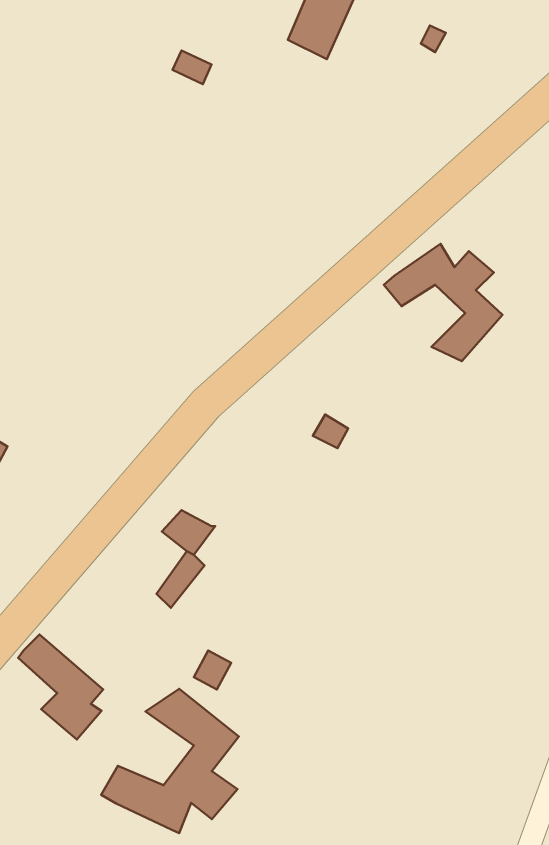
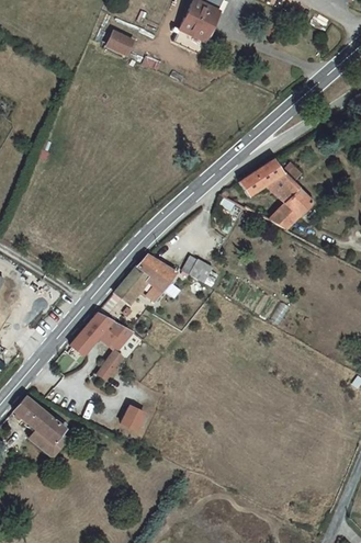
building: none -> [116,254,177,304]
building: none -> [72,313,113,357]
building: [101,689,239,833] -> none

